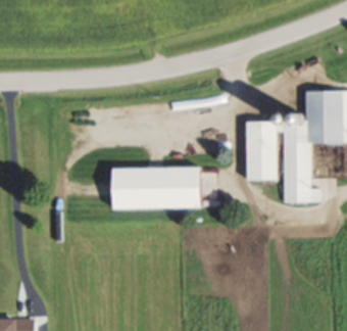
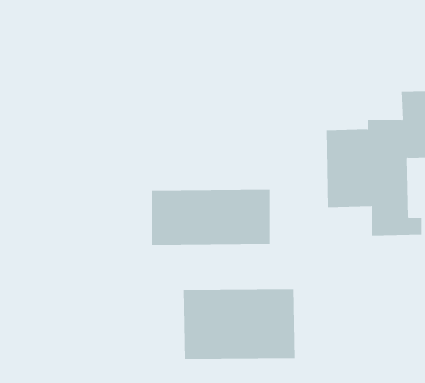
building: none -> [183,288,295,360]

